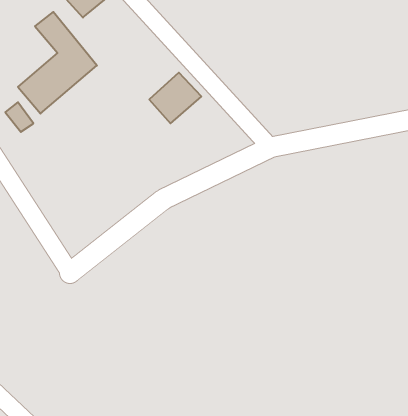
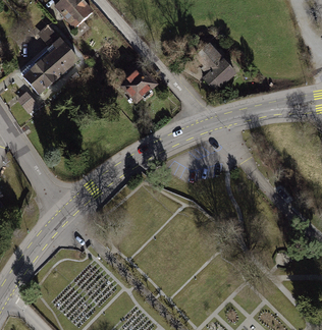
building: none -> [192,42,233,88]

